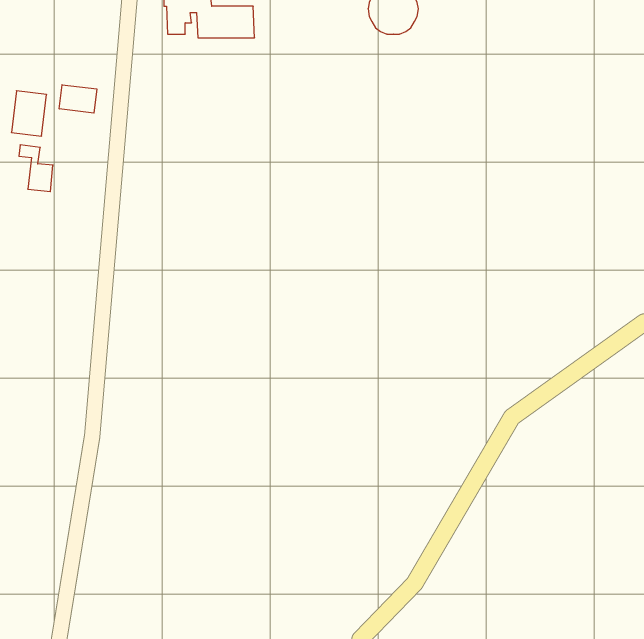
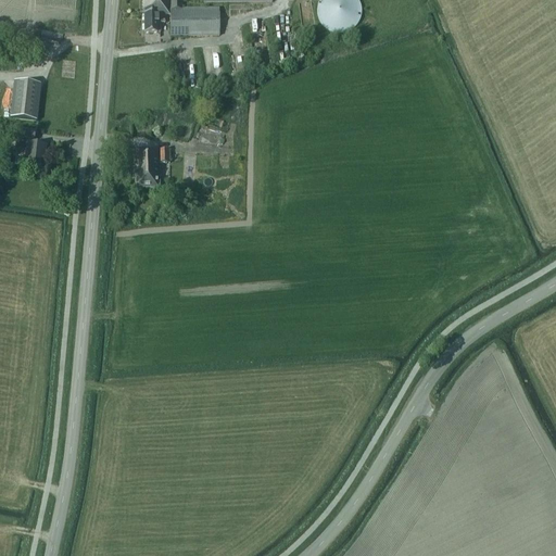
building: [59,85,97,113] -> none
building: none -> [131,147,168,185]

